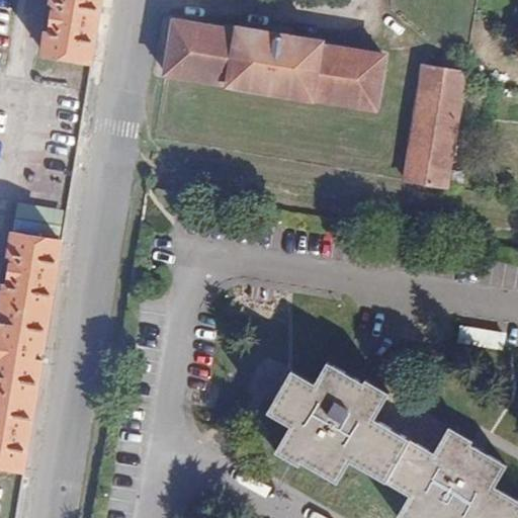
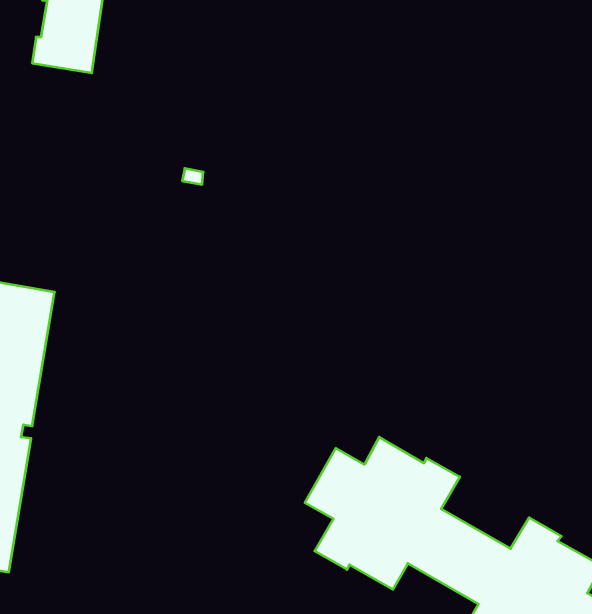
building: [164,21,382,109] -> none
building: [404,66,463,187] -> none

